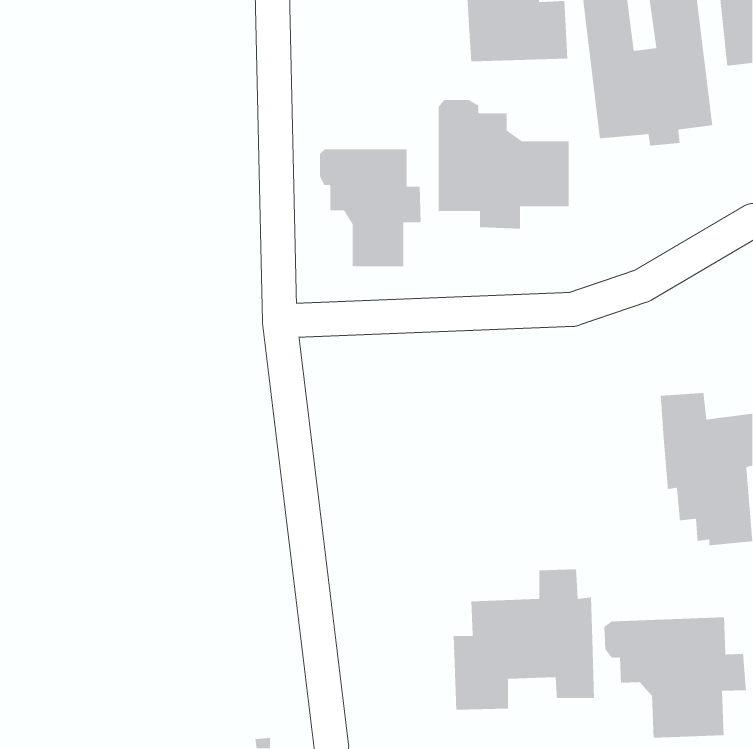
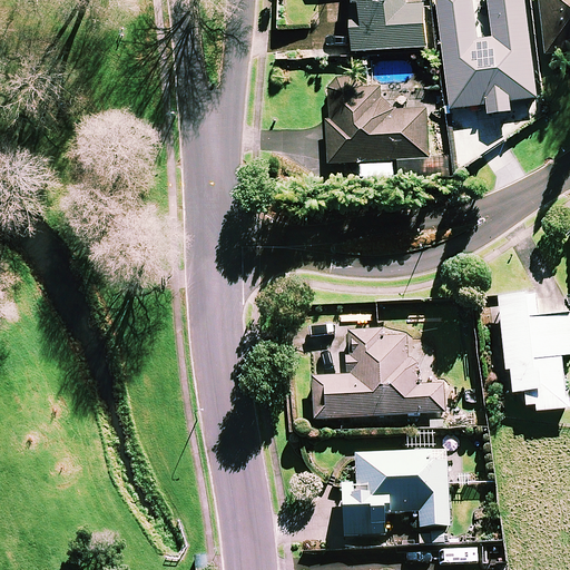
building: [319,149,422,267] -> none
building: none -> [311,325,443,419]
building: [604,616,747,739] -> none

